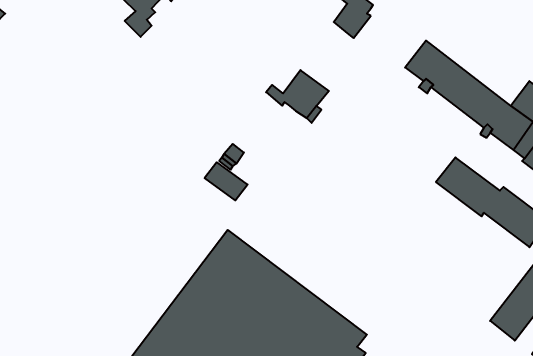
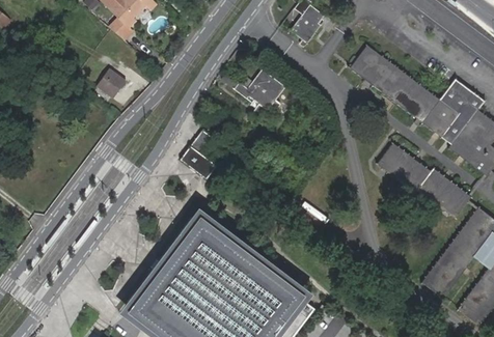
building: none -> [97,67,128,100]

